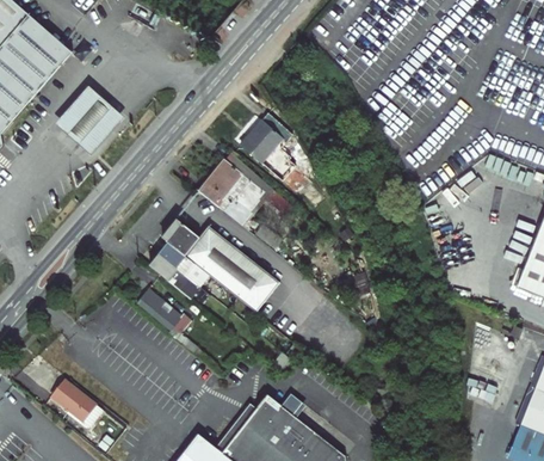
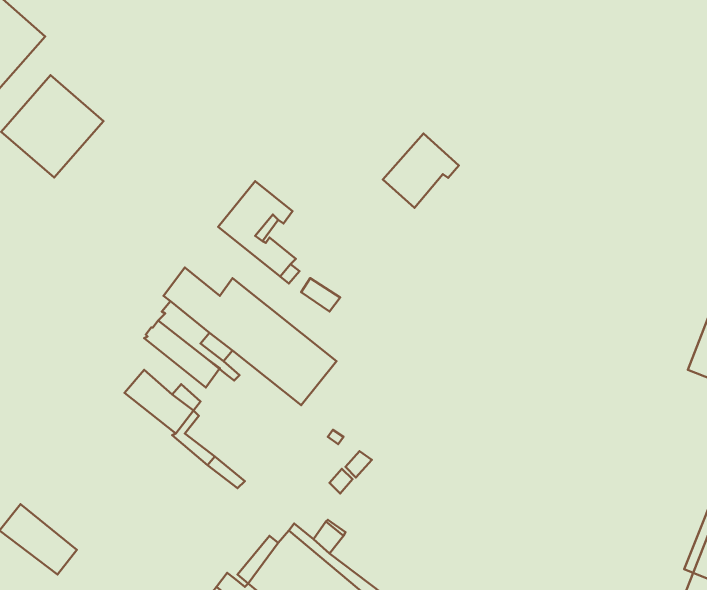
building: [241,111,292,161] -> [383,134,459,208]

